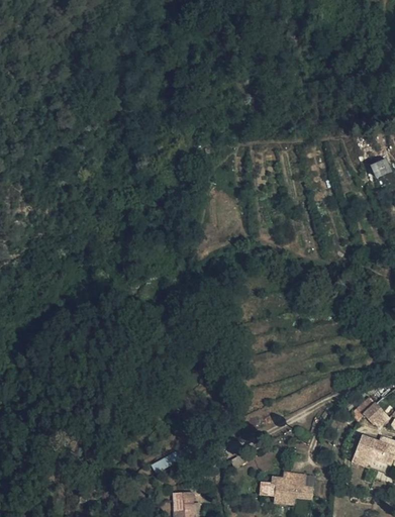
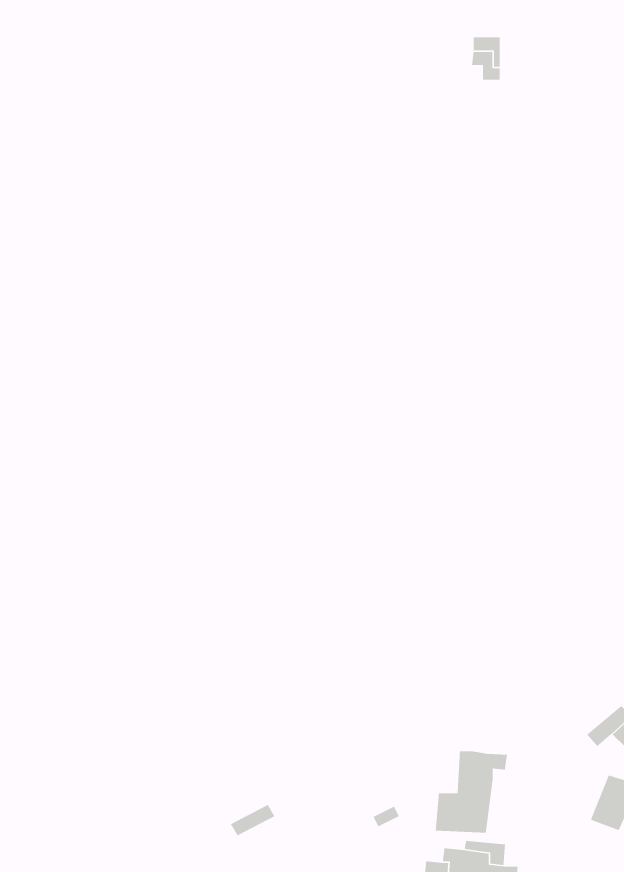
building: none -> [435,751,508,833]

